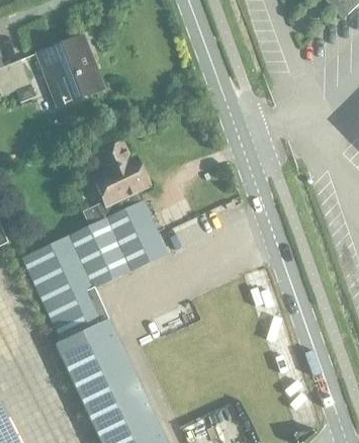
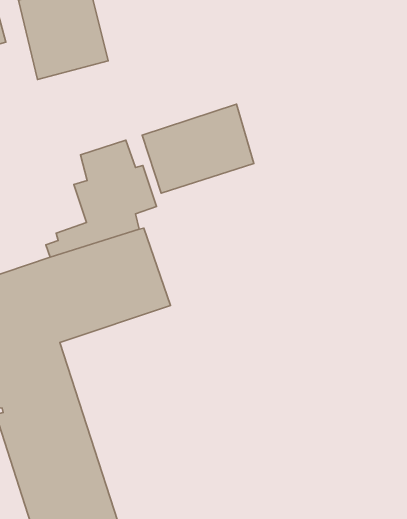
building: none -> [142,104,254,193]

